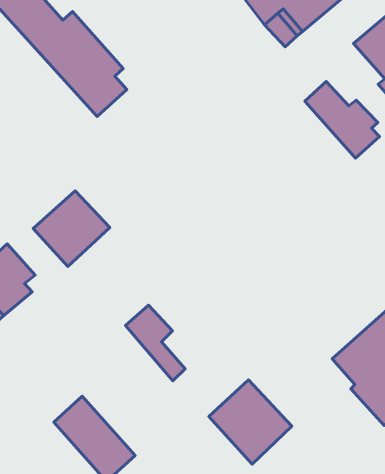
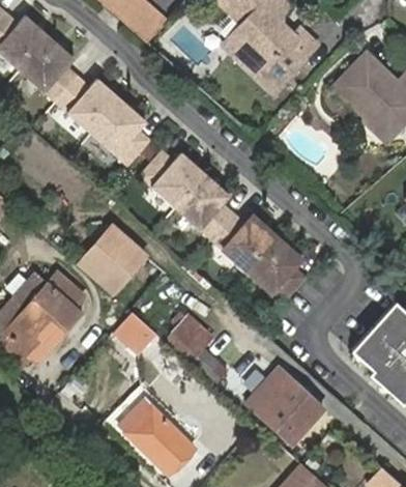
building: [305,81,380,158] -> none
building: none -> [136,139,309,299]
building: none -> [114,313,156,354]

